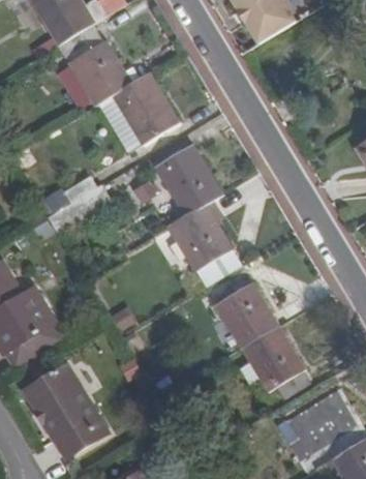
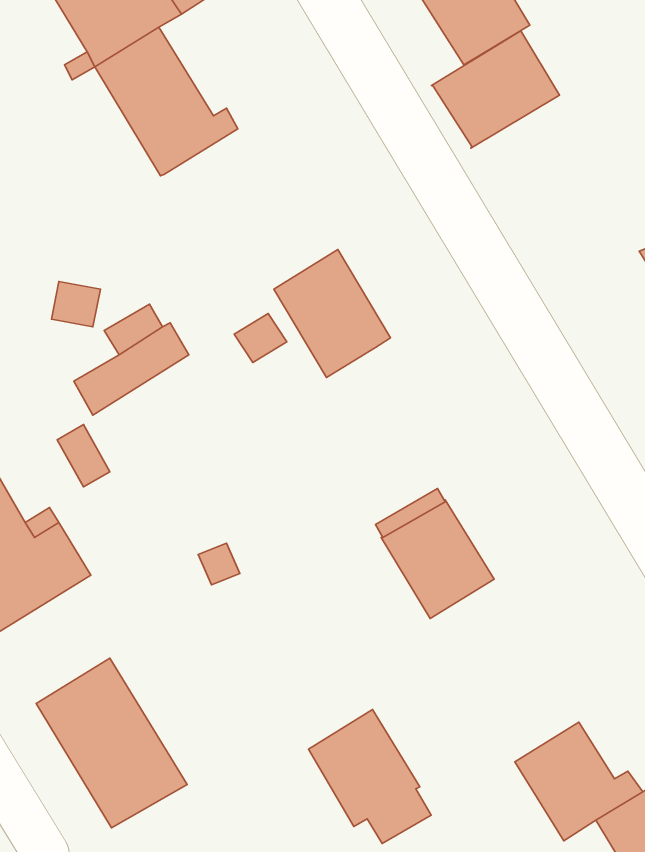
building: none -> [431,31,559,148]
building: [96,70,179,149] -> none
building: [167,197,238,285] -> none
building: [242,324,309,397] -> [309,710,431,843]

